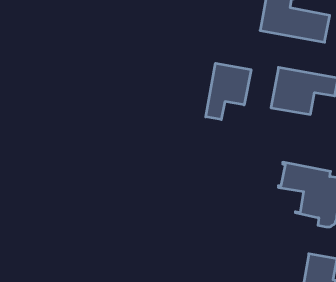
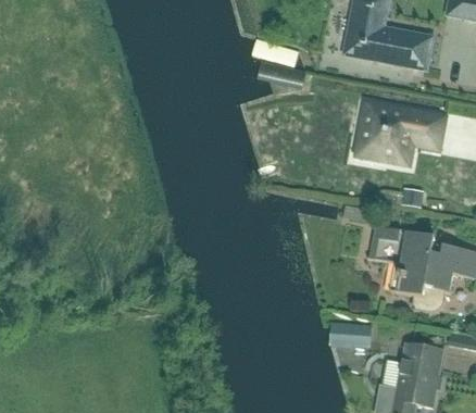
building: [206,63,251,120] -> none
building: none -> [330,322,372,347]

